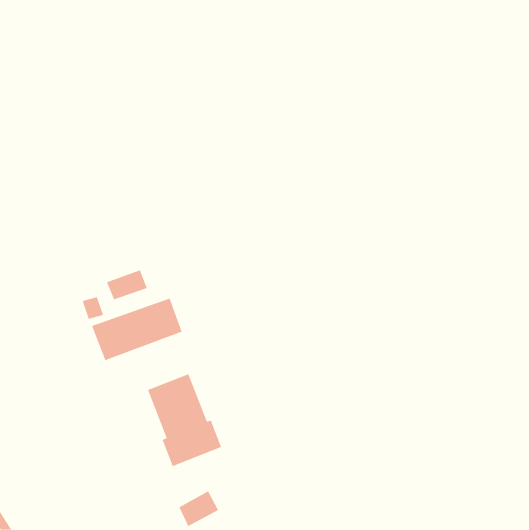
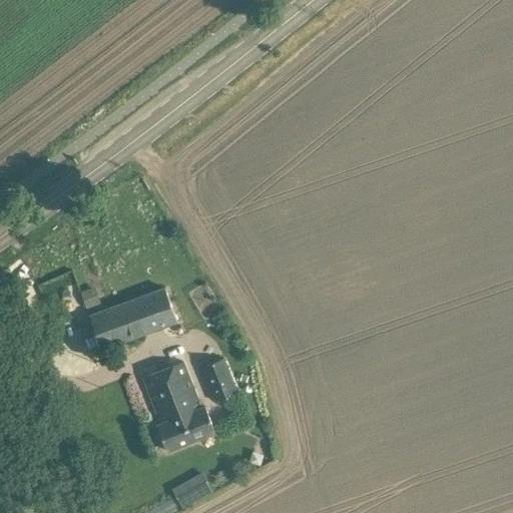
building: [106,269,147,300] -> none
building: none -> [200,358,236,401]

